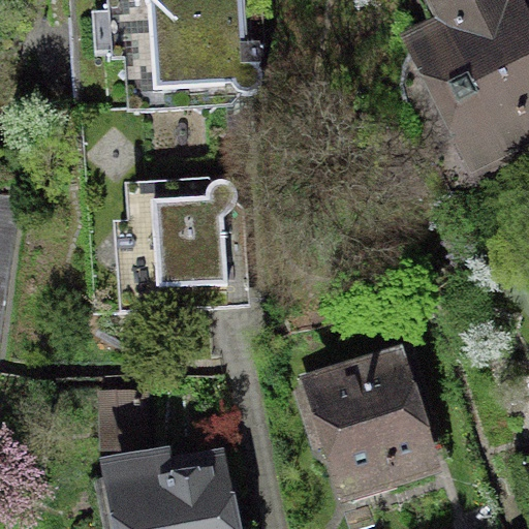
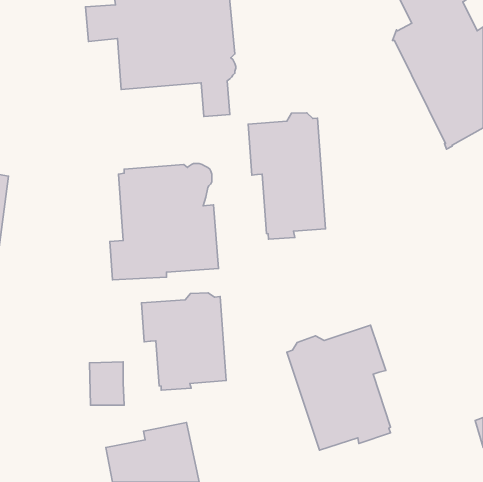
building: none -> [248,113,325,239]
building: none -> [142,293,226,390]

